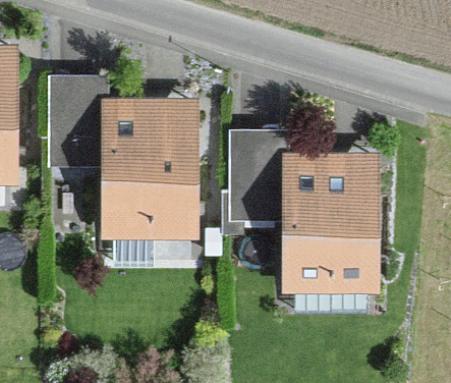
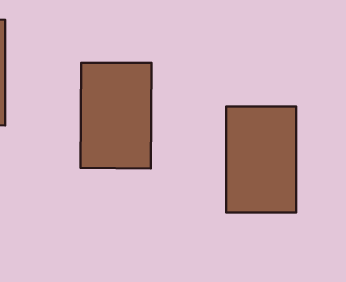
building: [47,71,101,165] -> none
building: [231,126,282,218] -> none

